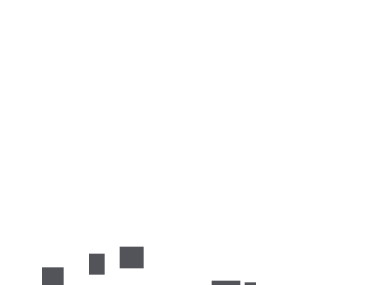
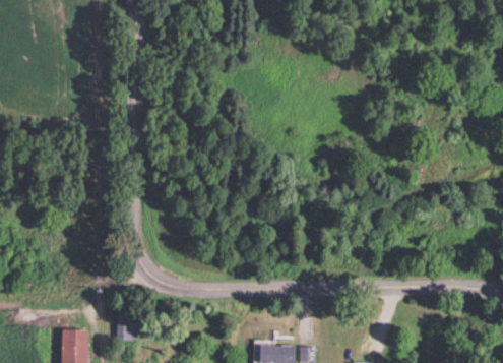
building: [119,246,144,269] -> none

